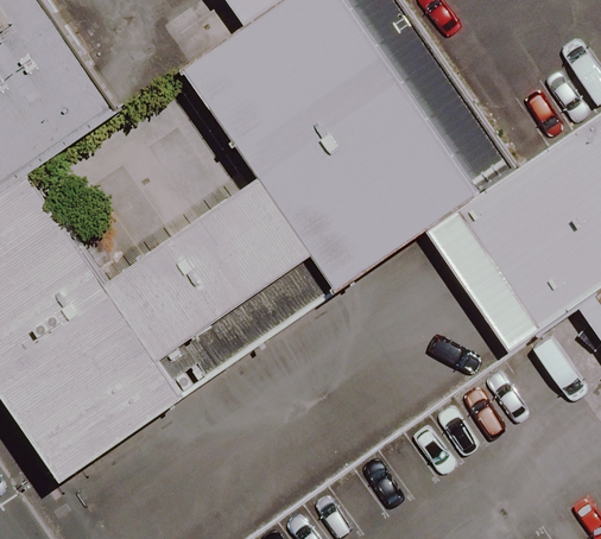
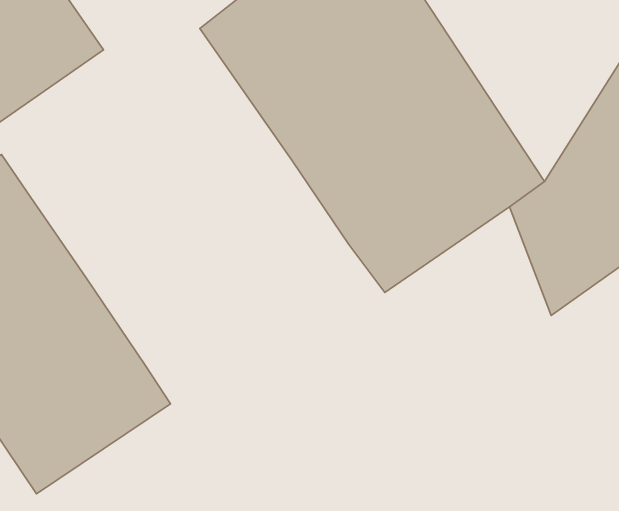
building: [90,196,323,376] -> none

